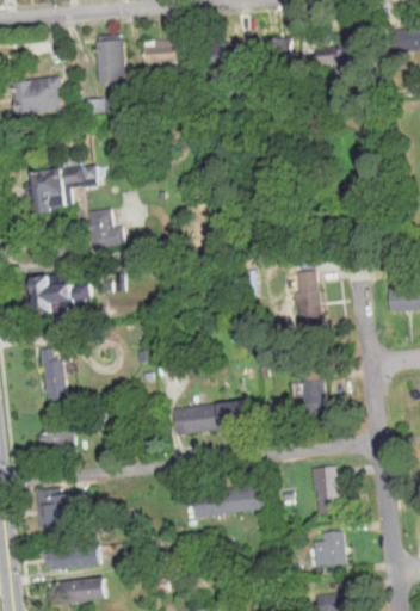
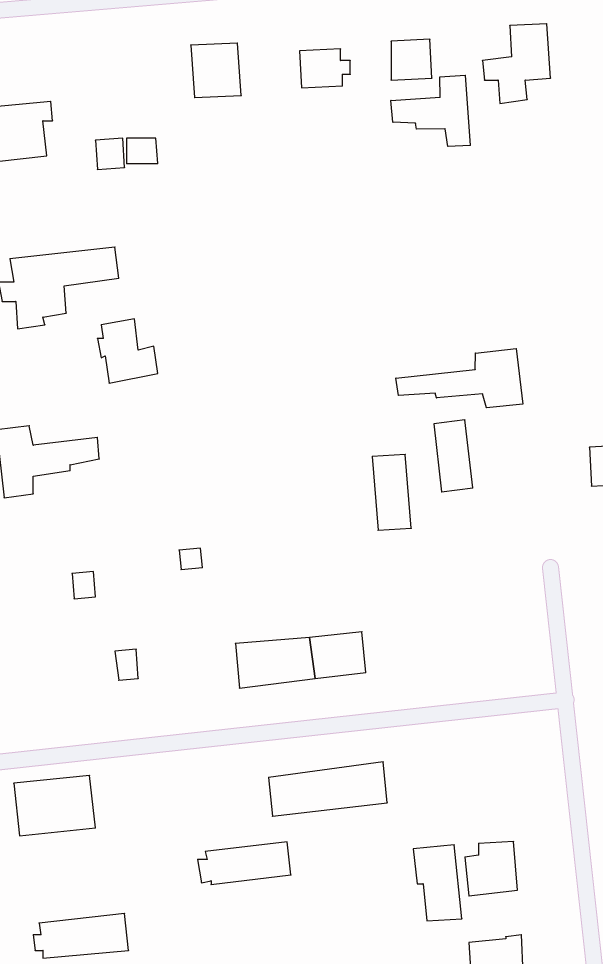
building: [99,36,124,81] -> none
building: none -> [391,75,470,146]
building: none -> [396,349,523,408]
building: [38,350,67,407] -> none
building: [303,370,327,416] -> [372,454,411,530]
building: [38,425,75,457] -> none
building: [310,465,340,512] -> [413,845,462,921]
building: [43,542,100,568] -> [198,842,291,885]

